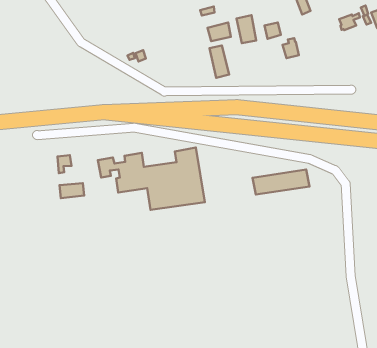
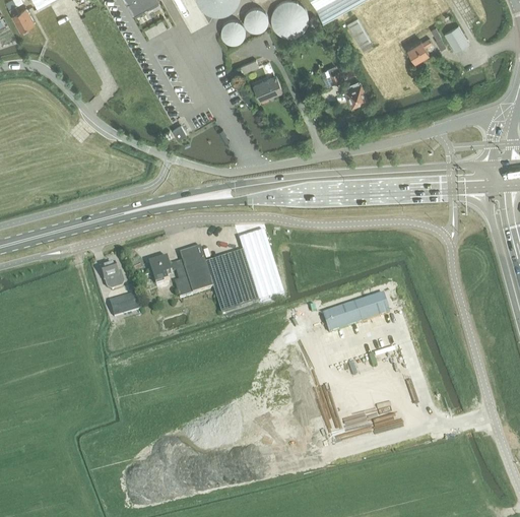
building: [236,15,256,43] -> none
building: [209,46,229,78] -> none
building: [253,170,309,195] -> [322,292,391,331]

